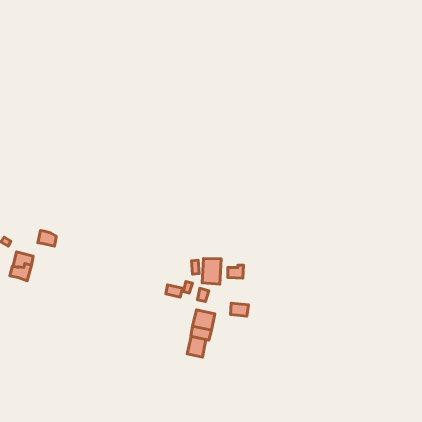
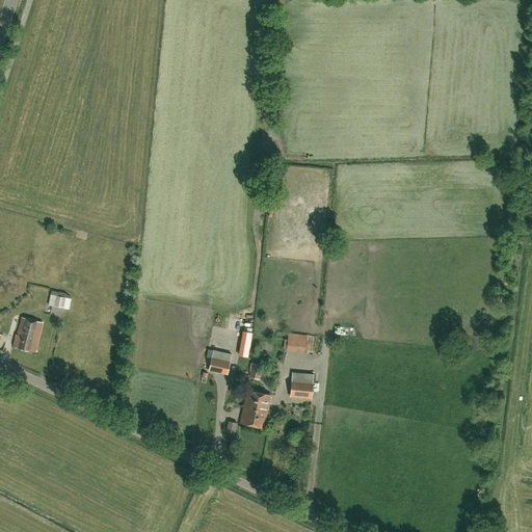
building: [202,259,221,284] -> none
building: [187,337,206,357] -> none

